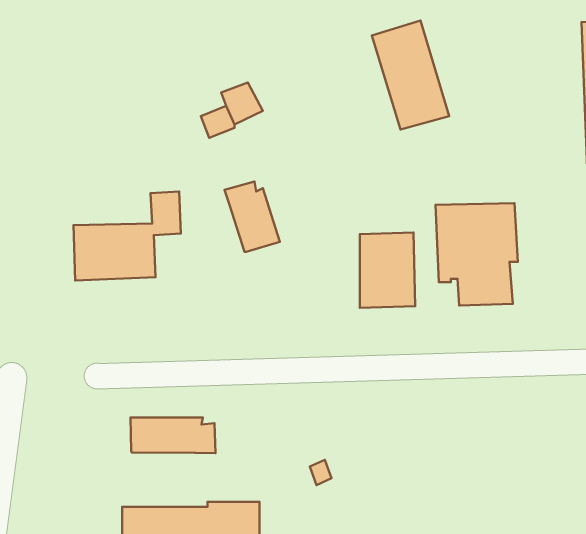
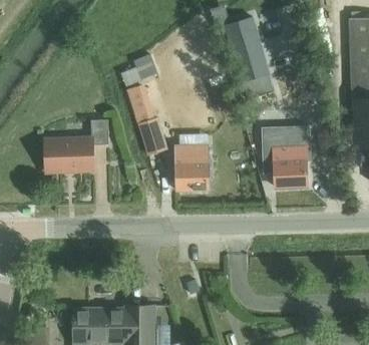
building: none -> [126,83,153,118]
building: [360,232,415,308] -> [176,145,210,191]
building: [131,417,216,453] -> none

